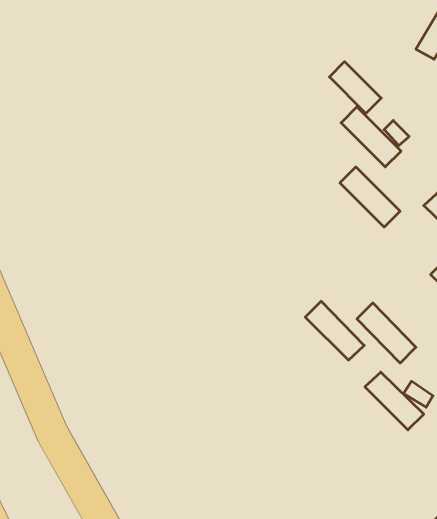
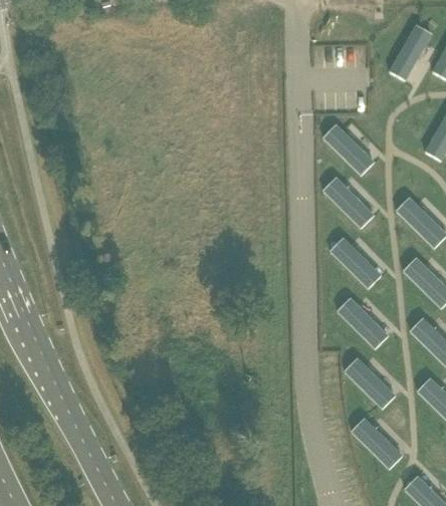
building: [329,62,381,113] -> none
building: [305,301,364,360] -> [329,236,382,288]
building: none -> [351,417,403,469]

